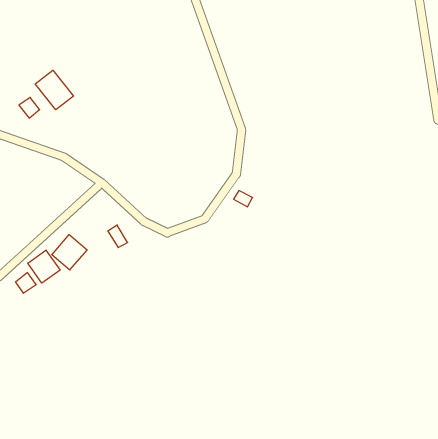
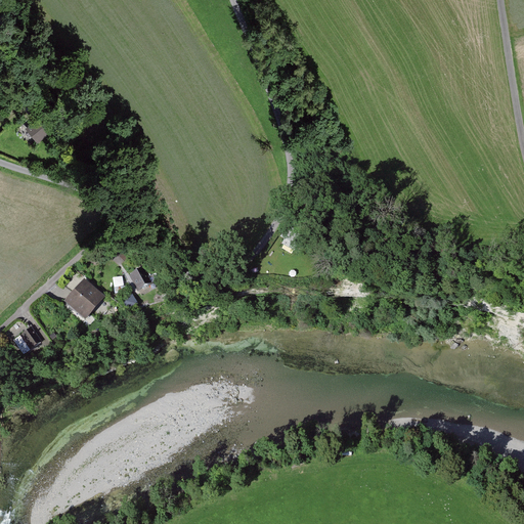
building: [35,70,74,110] -> none
building: [28,250,60,283] -> none

